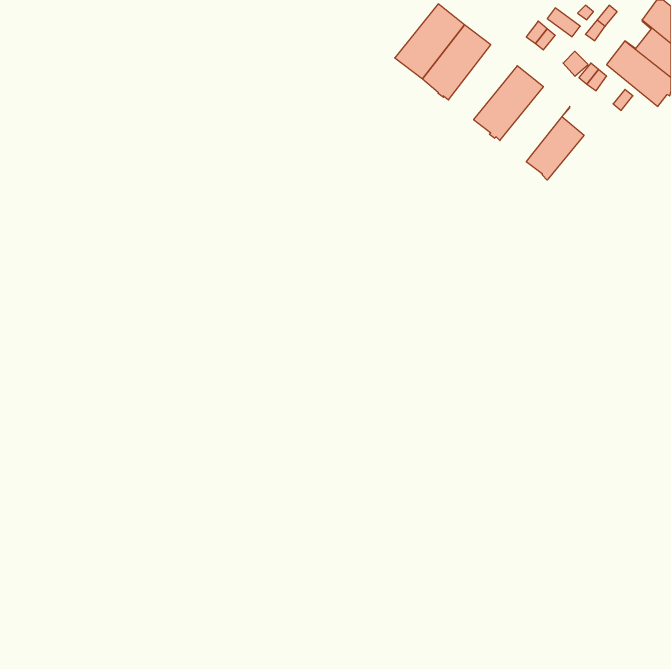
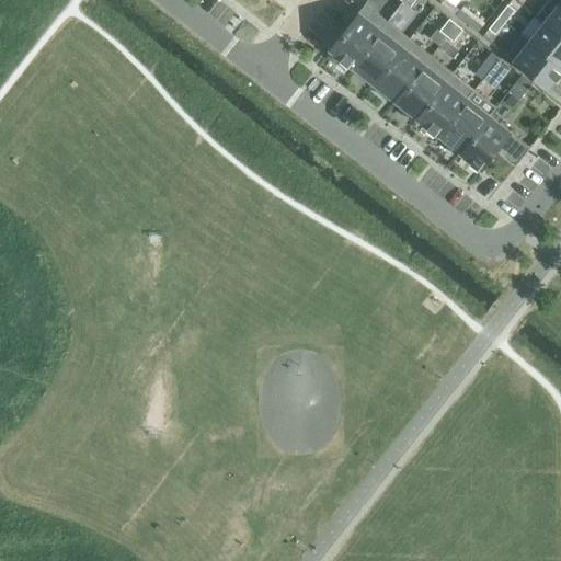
building: none -> [374,39,431,102]
building: none -> [416,75,474,137]
building: none -> [457,115,530,171]

